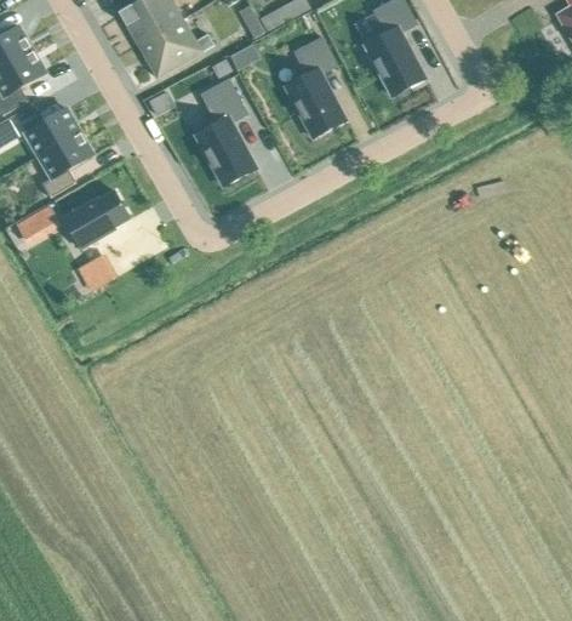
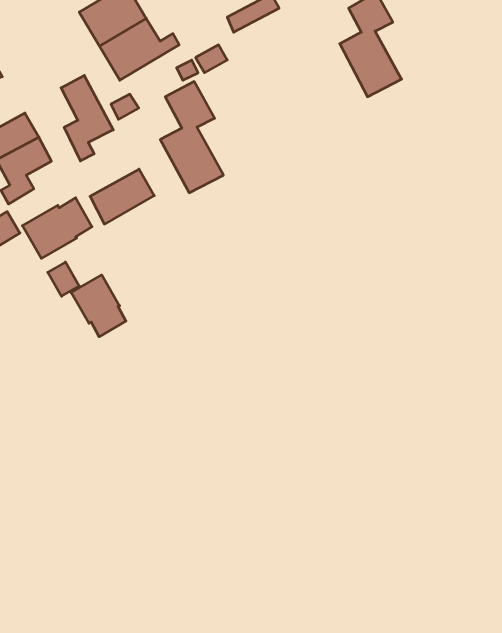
building: [285,38,345,137] -> none
building: none -> [61,75,113,161]
building: none -> [90,169,154,224]
building: none -> [71,275,126,337]

